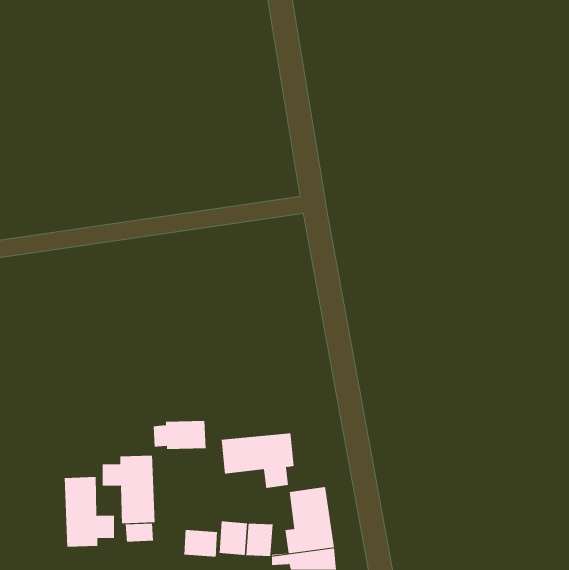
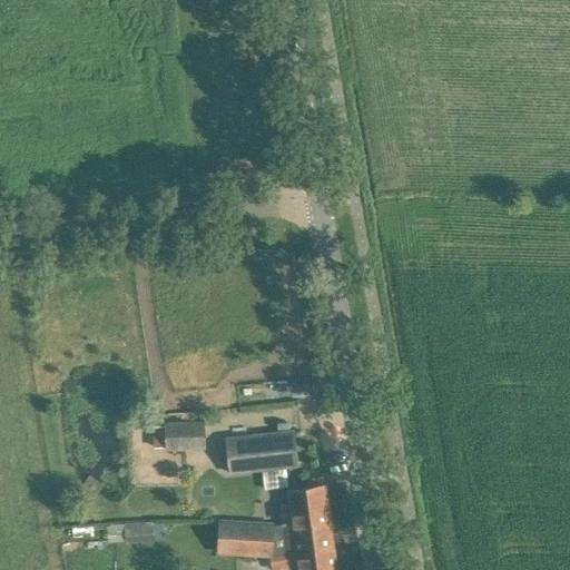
building: [102,455,155,524] -> none
building: [64,476,115,548] -> none
building: [184,529,218,557] -> none

